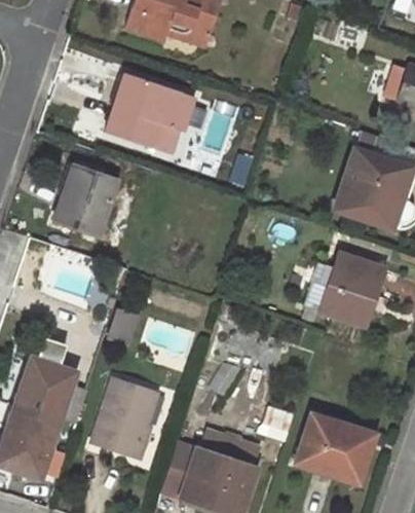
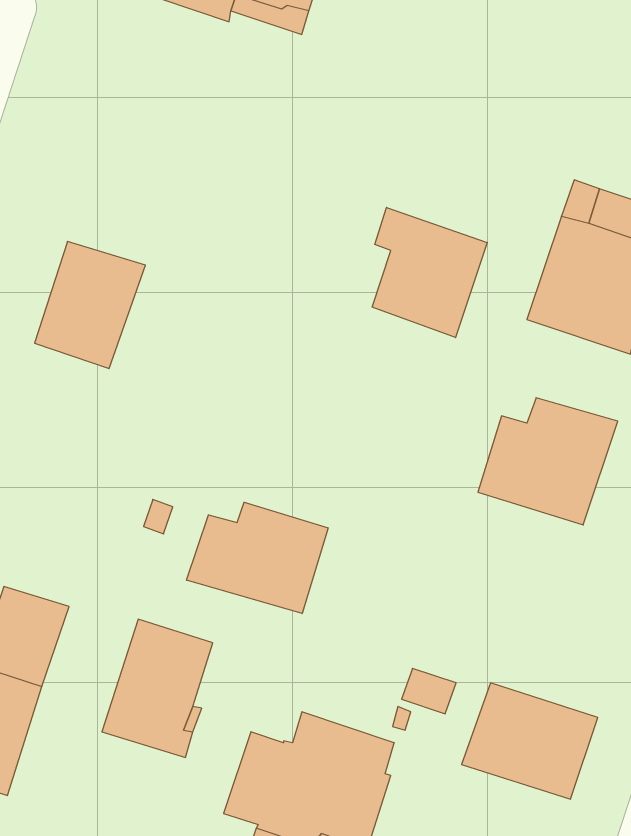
building: [106,75,194,154] -> none
building: none -> [372,207,487,338]
building: none -> [187,502,328,614]

